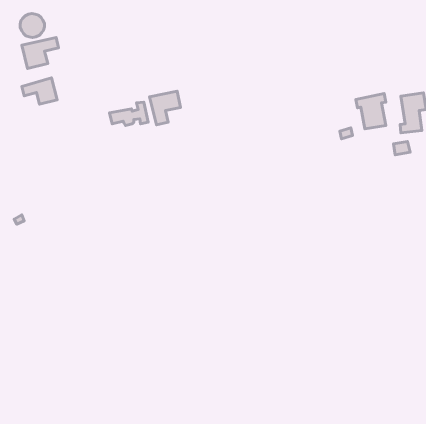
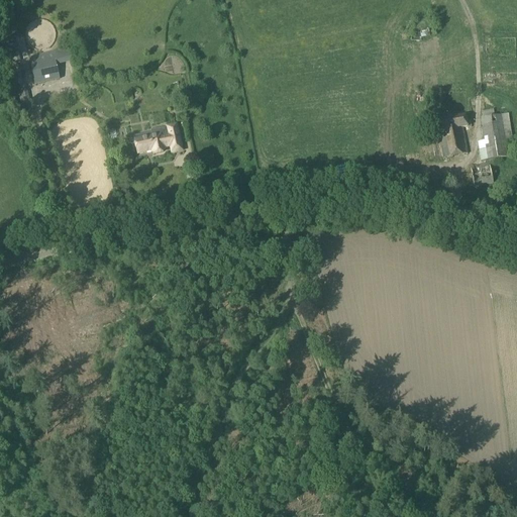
building: [22,78,57,104] -> none
building: [149,91,181,125] -> none

